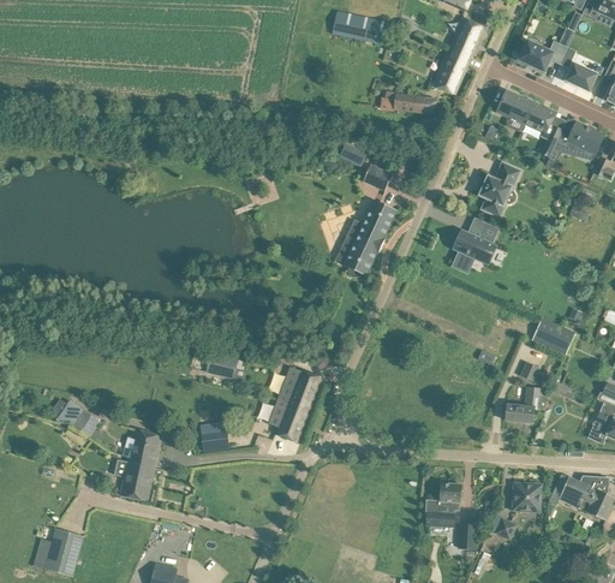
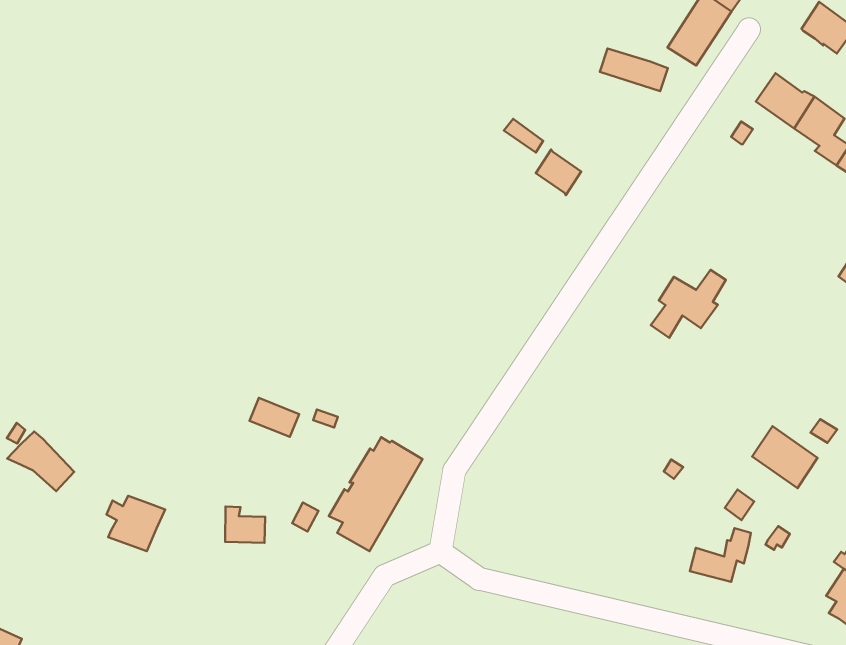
building: [479,161,519,215] -> none
building: [342,197,396,275] -> none
building: [113,458,154,499] -> none

